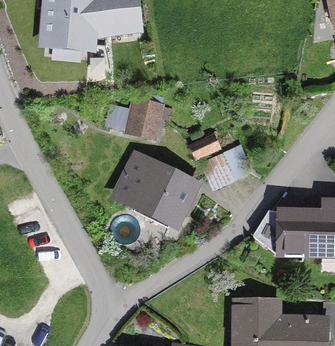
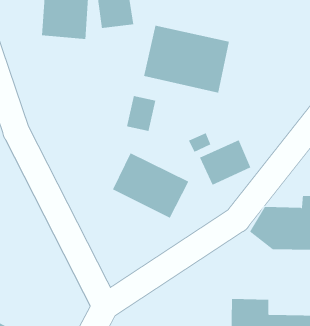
building: none -> [143,25,229,93]

